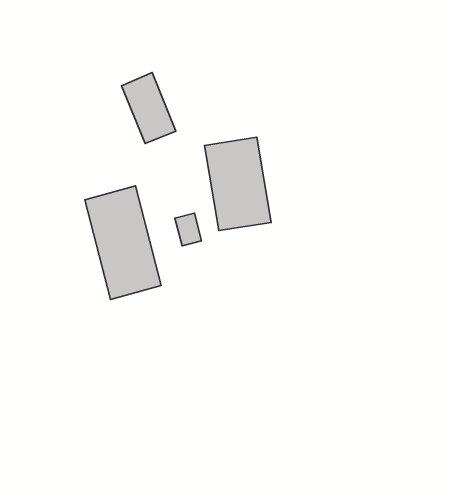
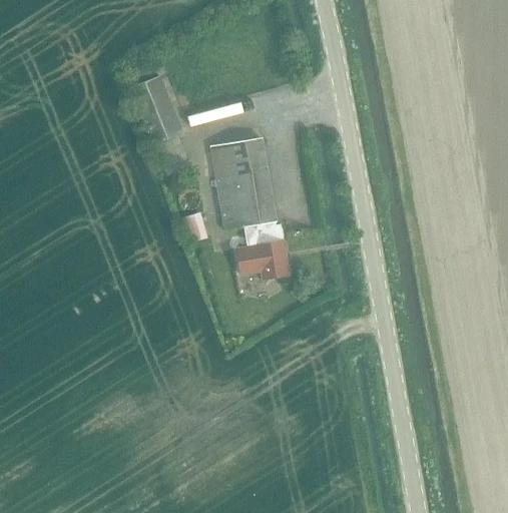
building: [85,186,161,299] -> none
building: none -> [237,223,292,280]

